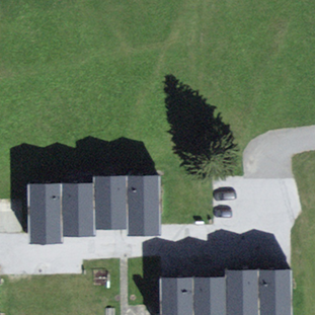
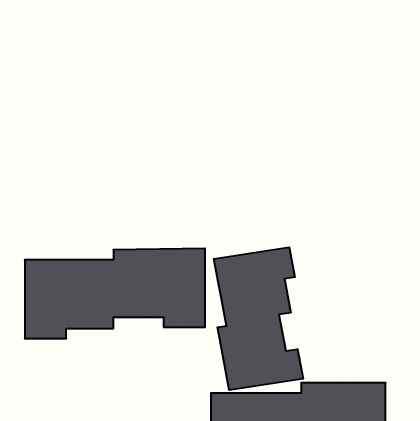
building: none -> [214,247,303,390]

